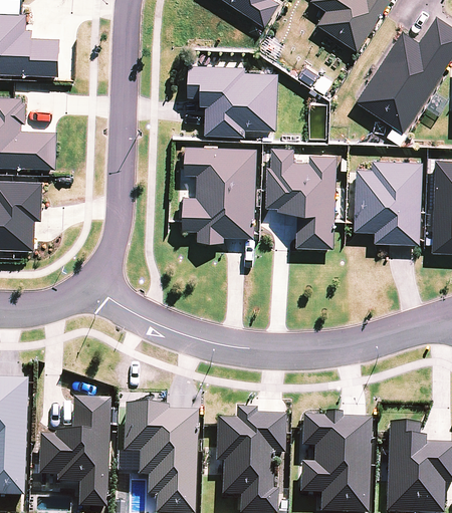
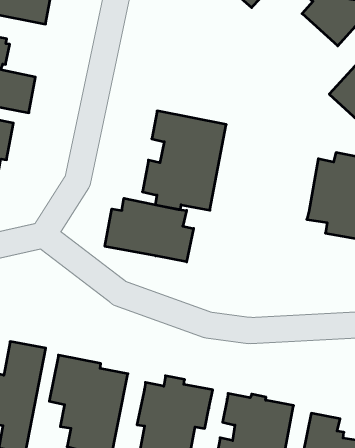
building: [188,65,278,138] -> none
building: [266,148,336,248] -> none
building: none -> [105,198,194,262]

